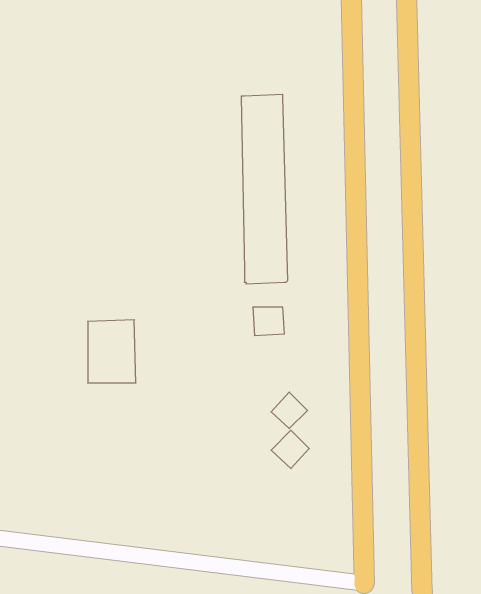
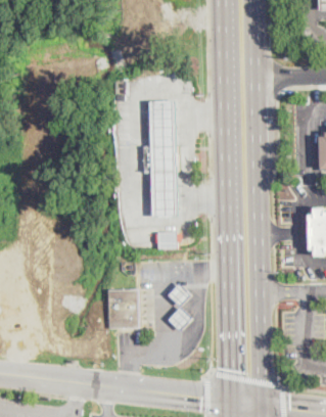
building: [88,320,136,383] -> [108,289,138,328]

